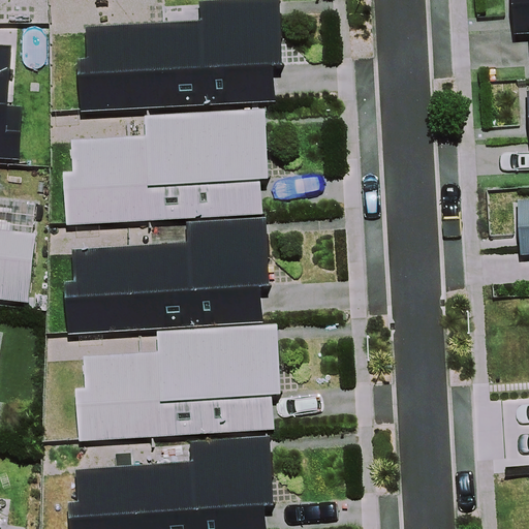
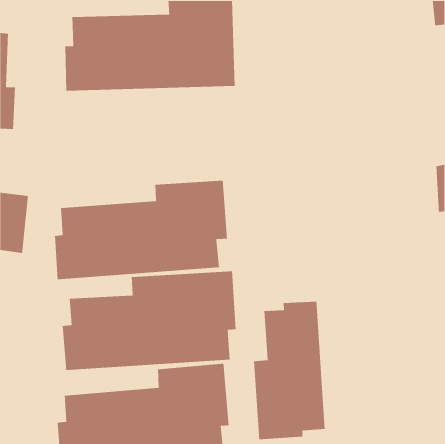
building: [62,107,268,225] -> none
building: none -> [253,301,325,440]

